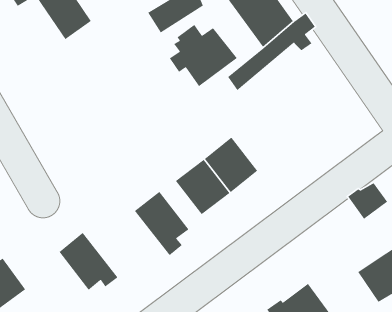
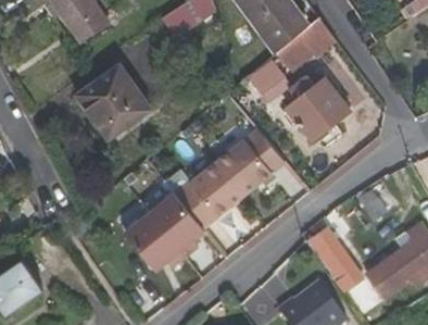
building: [169,24,238,87] -> [280,77,348,139]
building: none -> [78,64,152,137]
building: none -> [307,228,363,290]
building: [58,232,118,291] -> [126,212,185,270]

